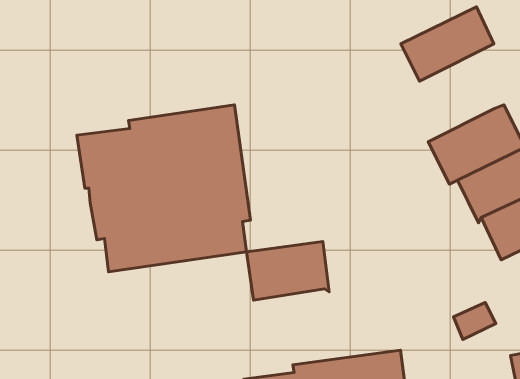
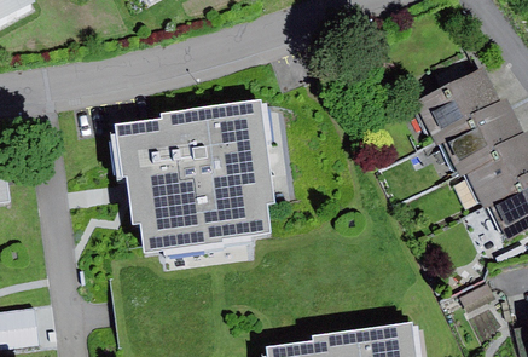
building: [401,7,494,81] -> [413,68,498,136]
building: [247,242,329,300] -> none

